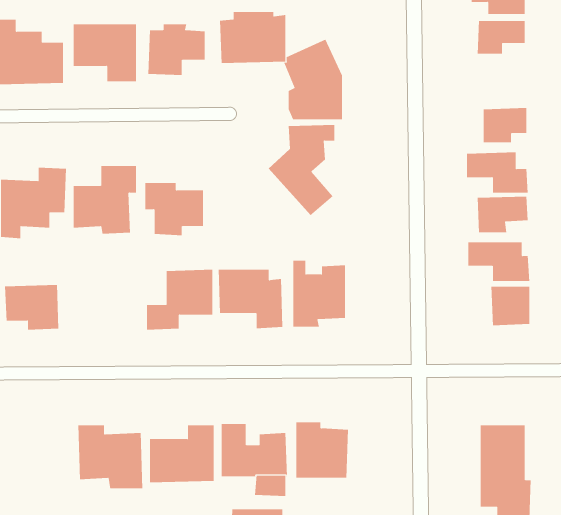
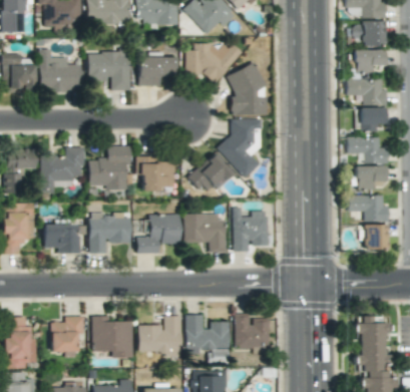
building: none -> [346,79,387,105]
building: none -> [186,153,233,191]
building: none -> [89,216,131,254]
building: none -> [50,316,84,351]

